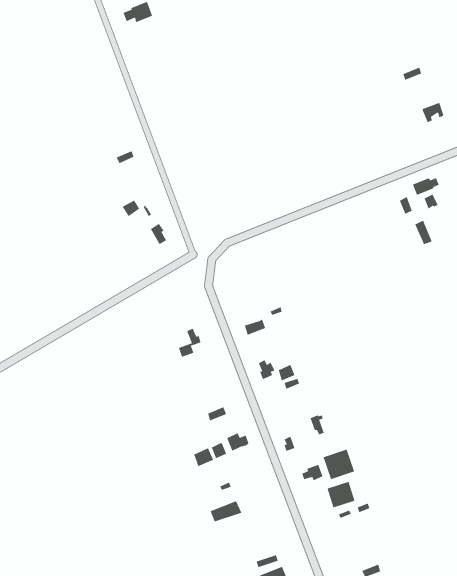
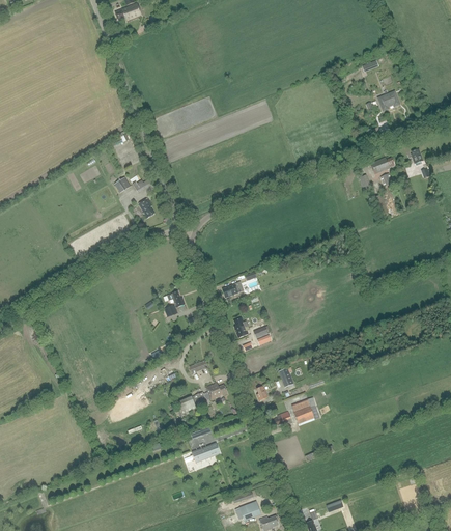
building: [326,481,355,509] -> none

